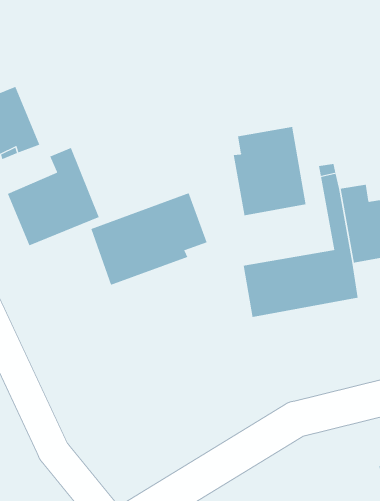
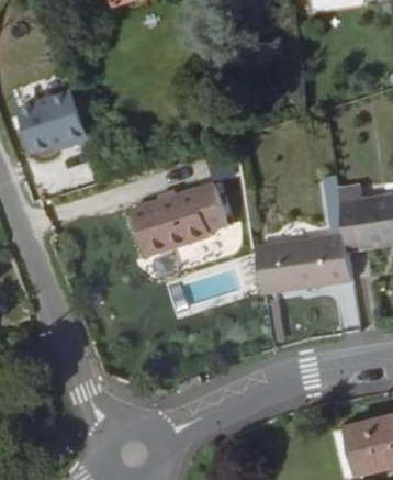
building: [233,126,306,216] -> none
building: [7,147,100,246] -> none

